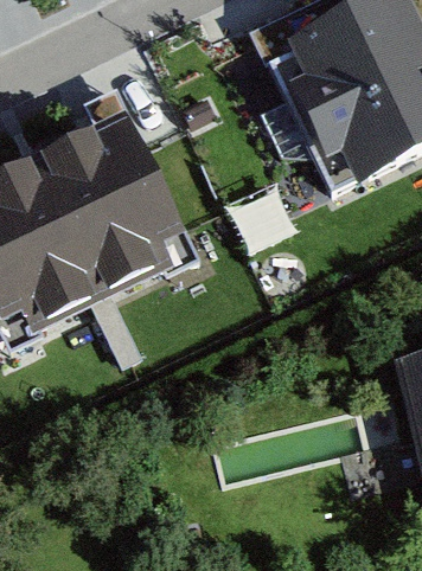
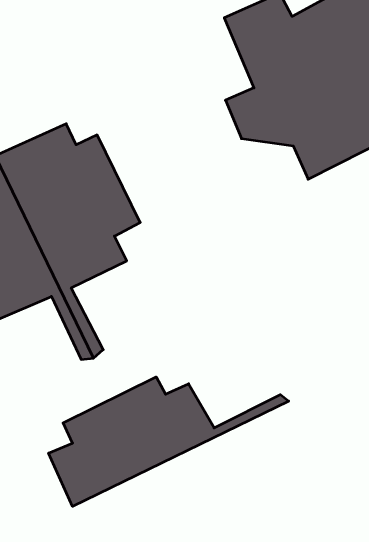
building: none -> [49,377,289,506]

